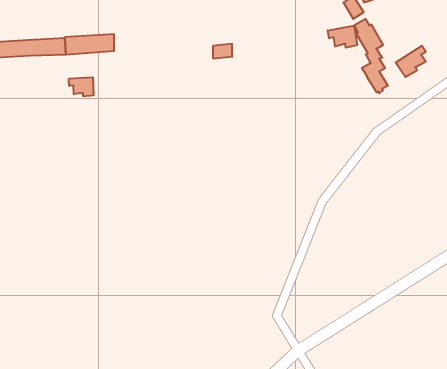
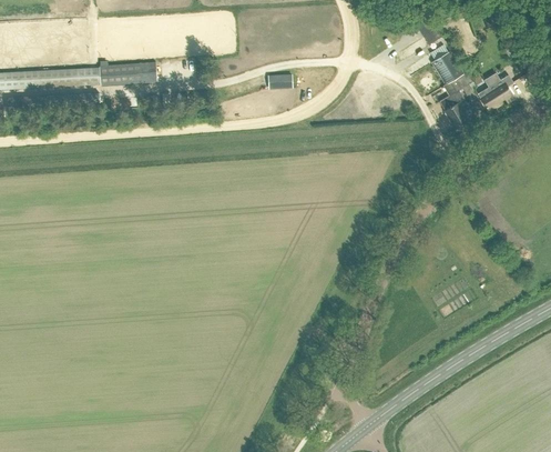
building: [328,26,357,48] -> none
building: [69,77,94,96] -> none

